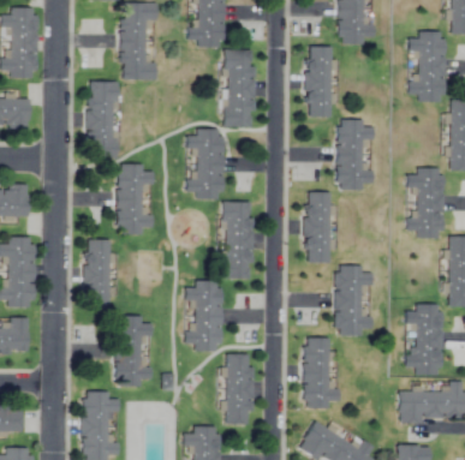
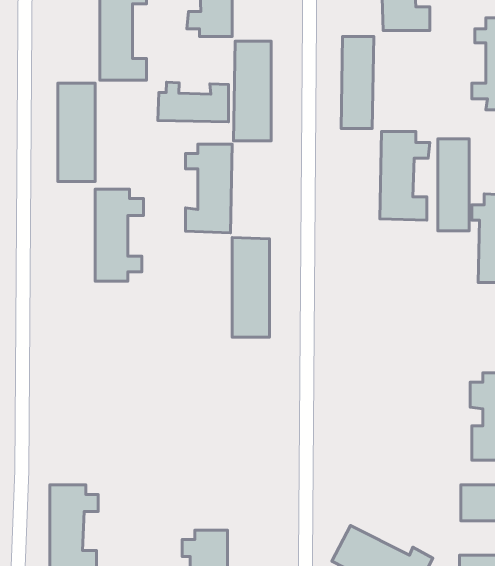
building: none -> [158,82,229,122]
building: [306,192,330,263] -> [438,139,469,231]
building: [85,240,109,307] -> none
building: [336,267,374,336] -> none
building: [185,281,222,351] -> none
building: [115,317,153,386] -> none
building: [304,339,340,410] -> none
building: [227,356,251,425] -> none

